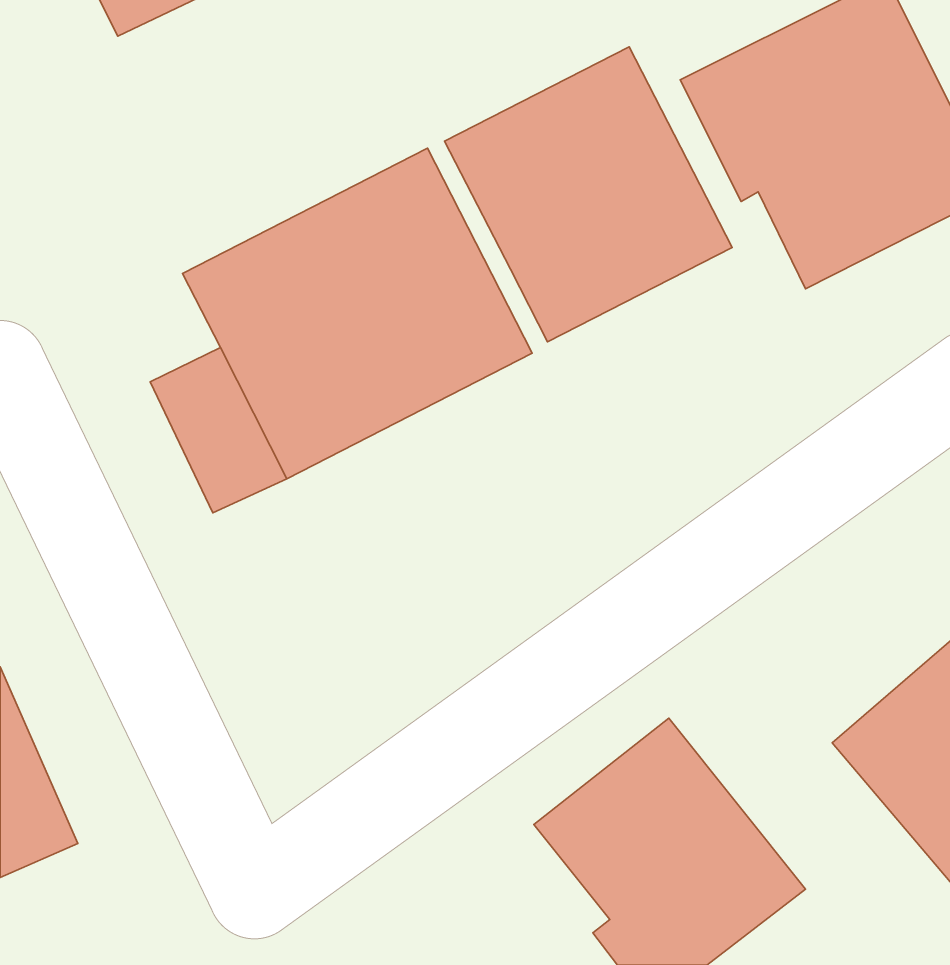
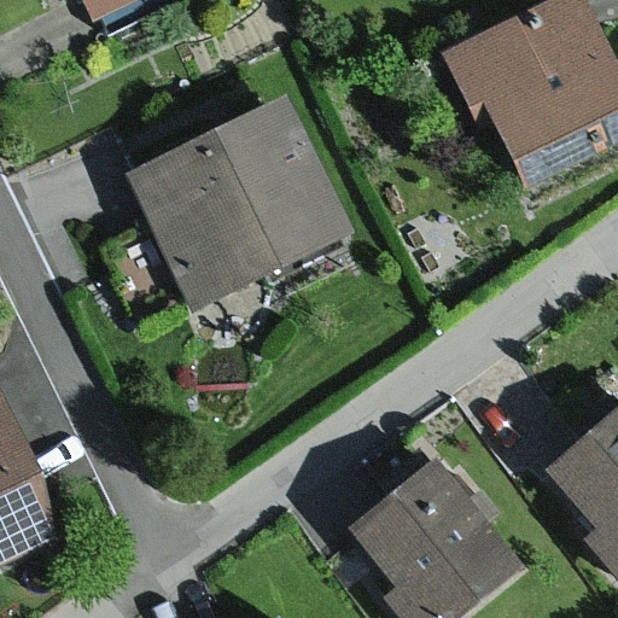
building: [445,47,732,342] -> none

